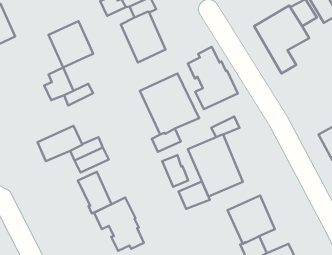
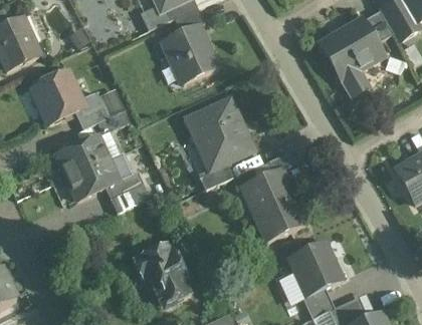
building: [49,21,93,68] -> [31,69,83,123]
building: [188,47,238,109] -> none
building: none -> [55,135,109,178]
building: [162,155,188,187] -> none
building: [78,172,112,213] -> none
building: [179,182,210,209] -> none

